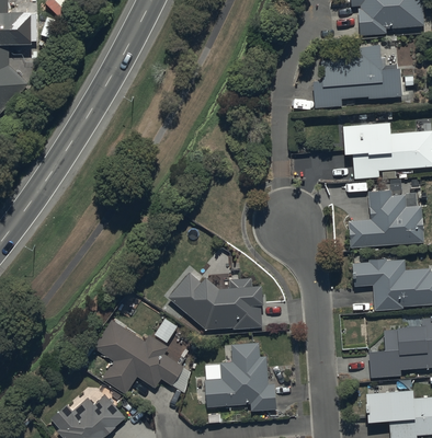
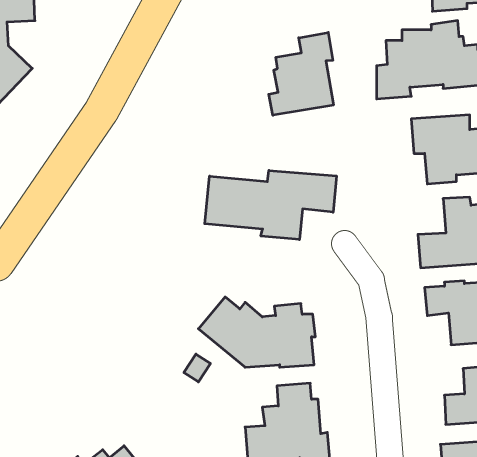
building: none -> [269,32,333,115]
building: none -> [205,170,336,240]
building: [93,320,184,394] -> none

